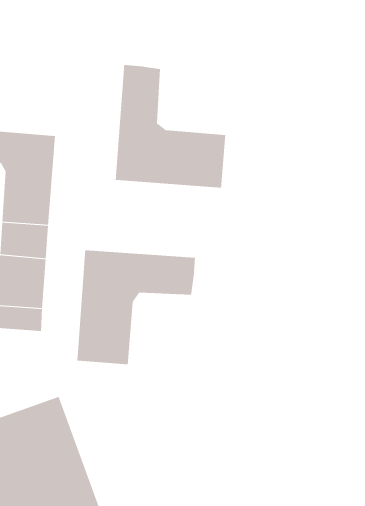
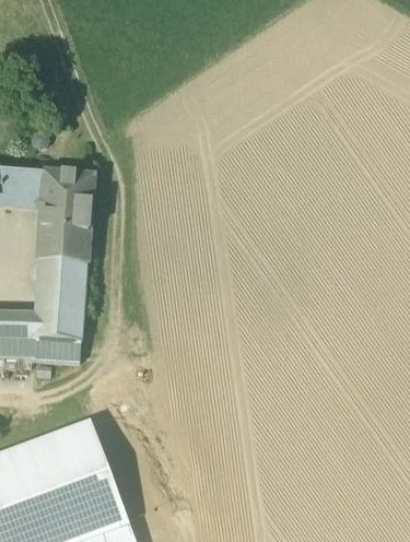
building: [115,64,226,189] -> none
building: [77,250,196,365] -> none

